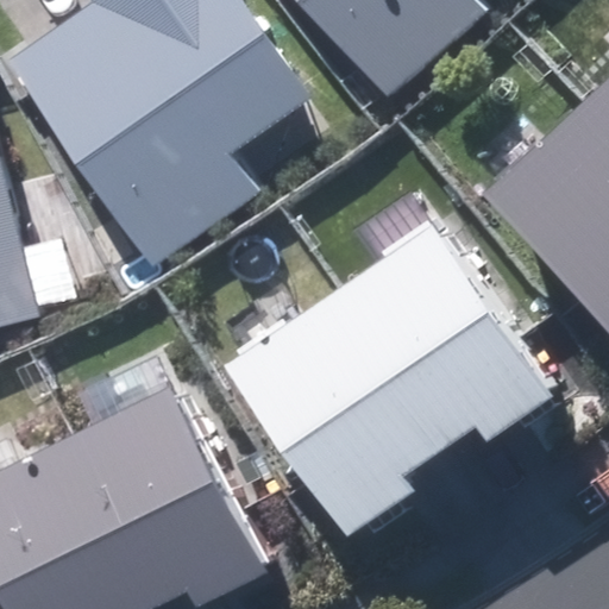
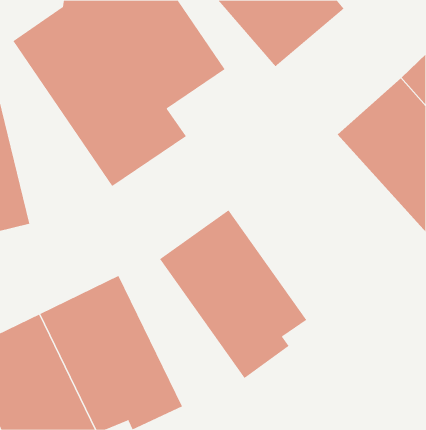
building: [324,225,545,452] -> none

